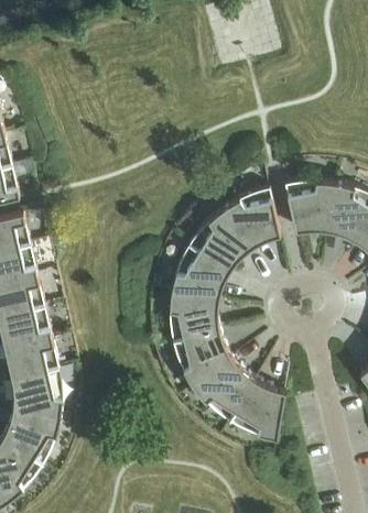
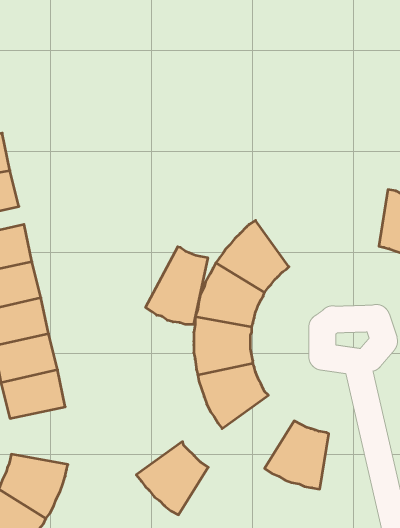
building: [283,182,335,232] -> none
building: [221,188,280,249] -> none
building: none -> [146,247,208,324]
building: [193,359,255,422] -> [136,442,208,515]
building: [11,369,62,418] -> none

